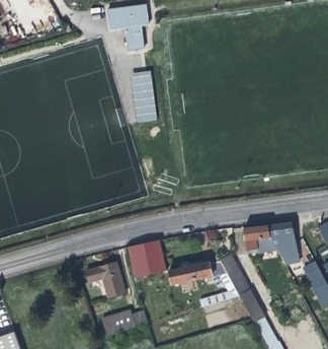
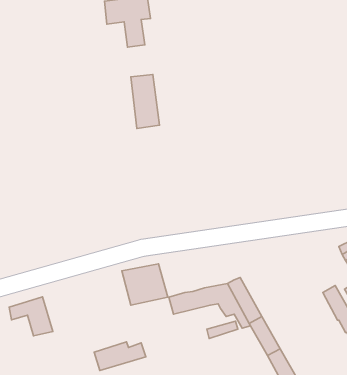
building: [244,222,296,255] -> none
building: [86,264,125,298] -> [9,297,53,336]

